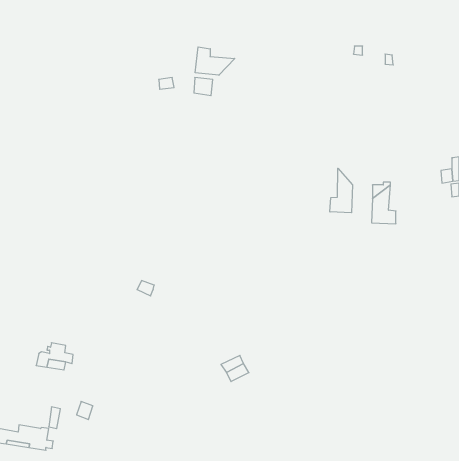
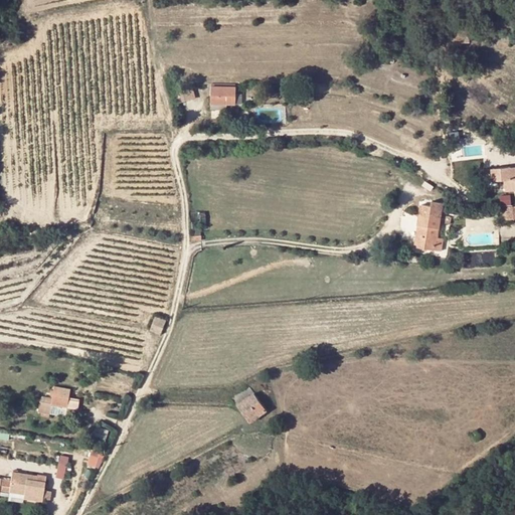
building: [195,47,235,75] -> none
building: [330,168,353,213] -> none

